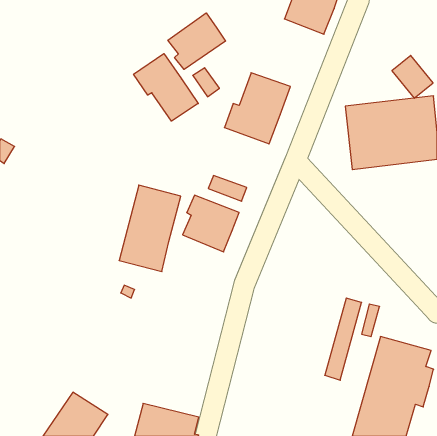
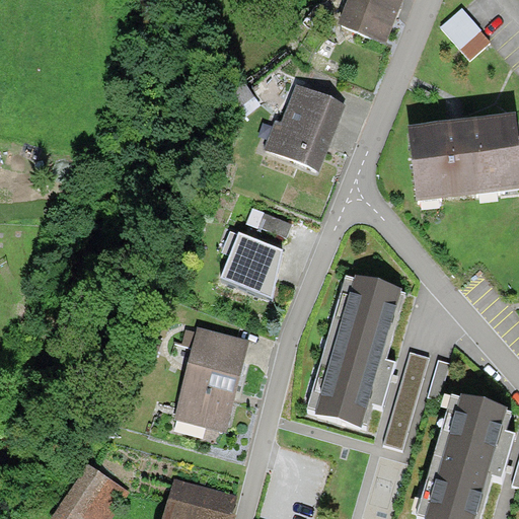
building: [168,13,226,69] -> none
building: [134,54,198,121] -> none
building: [392,55,433,98] -> [439,7,488,58]
building: [119,185,181,272] -> [173,327,246,430]
building: none -> [308,278,405,431]

